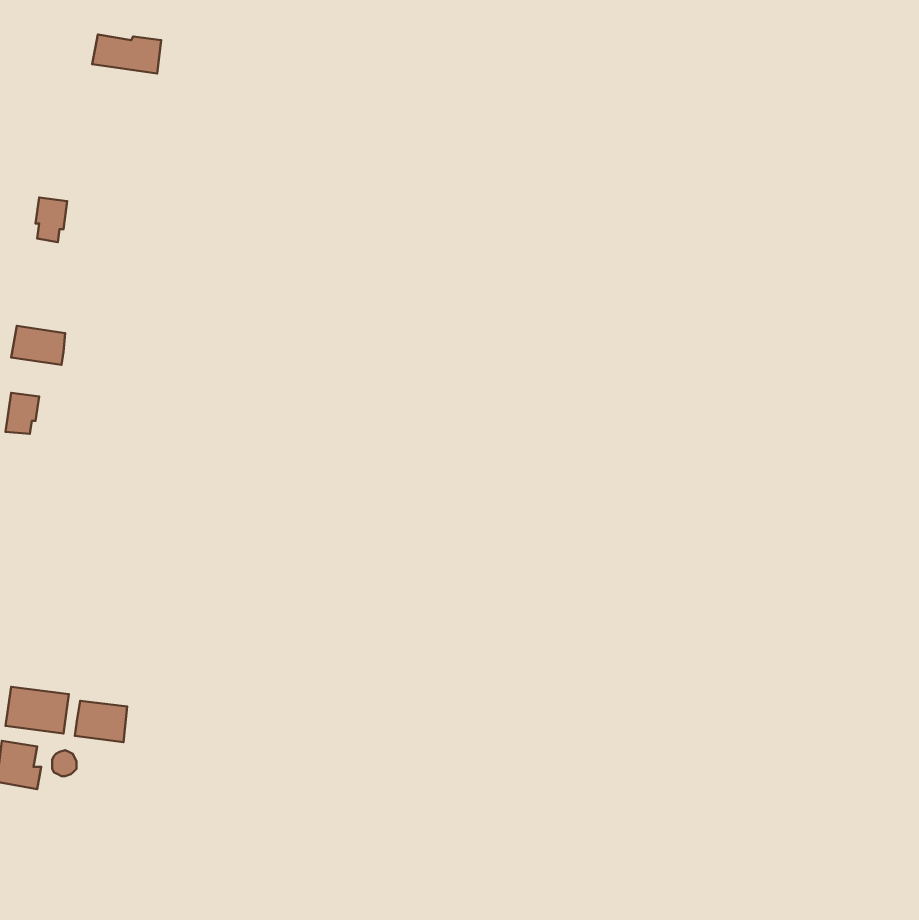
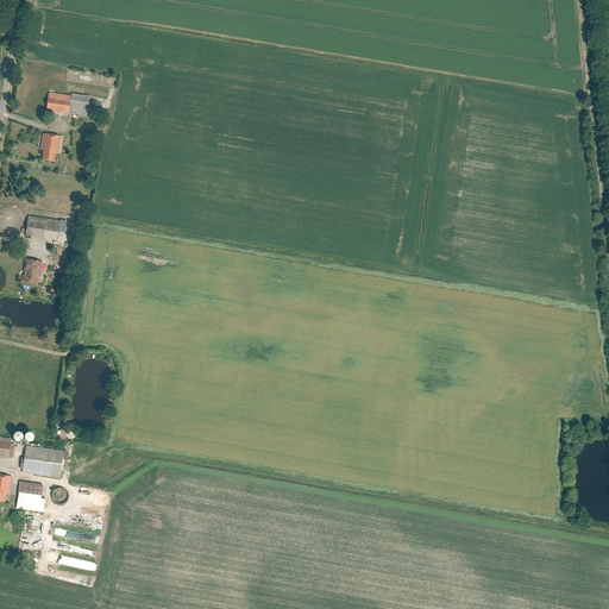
building: [92,34,161,74] -> [45,92,89,117]
building: [75,701,127,742] -> none

